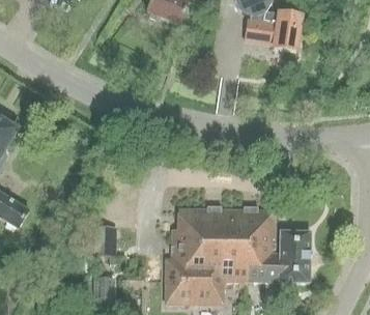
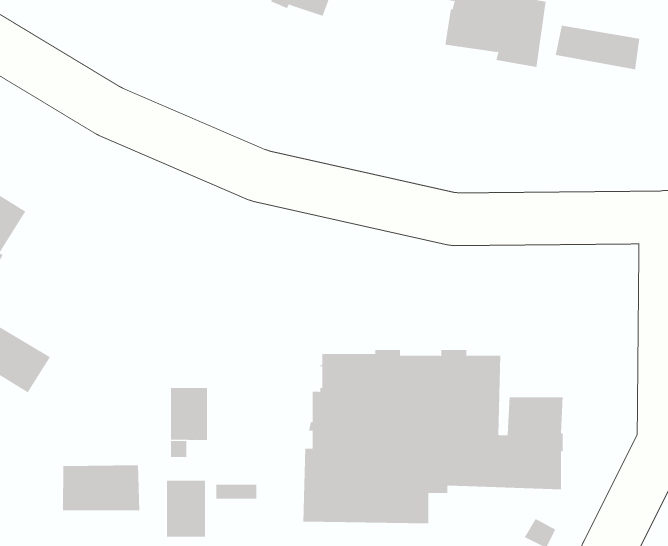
building: none -> [555,25,640,70]
building: none -> [62,464,140,511]

